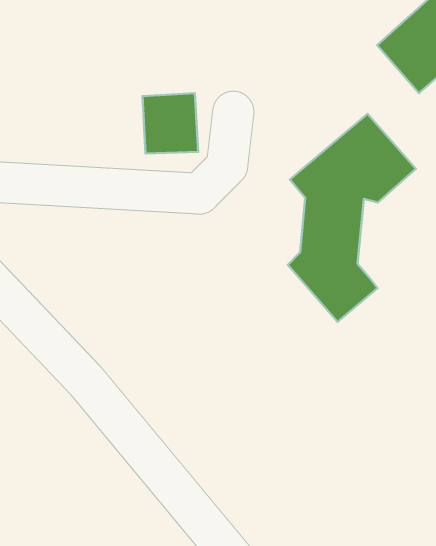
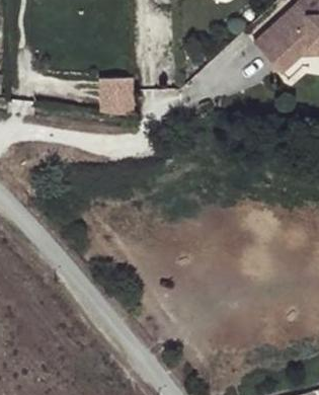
building: [288,114,416,322] -> none

